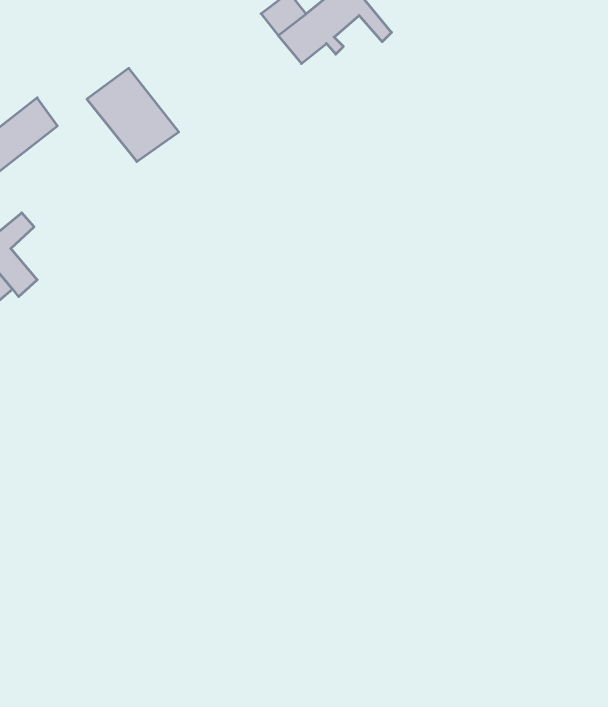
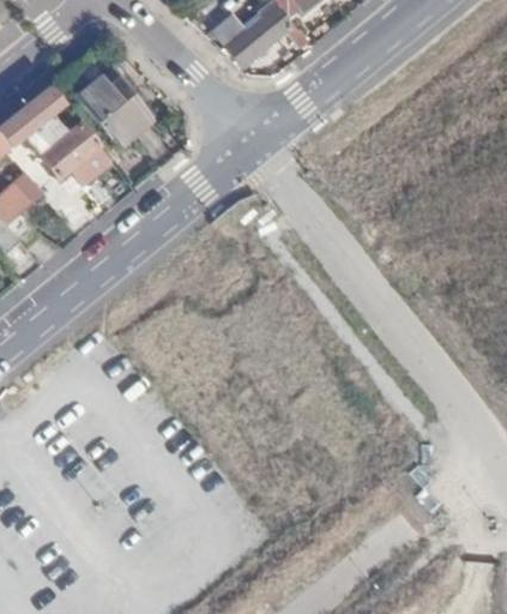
building: none -> [41,125,103,183]

